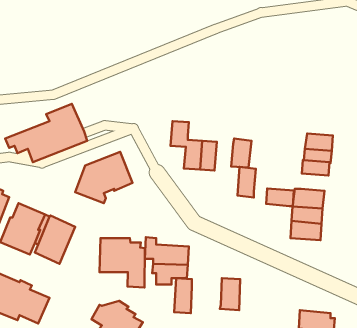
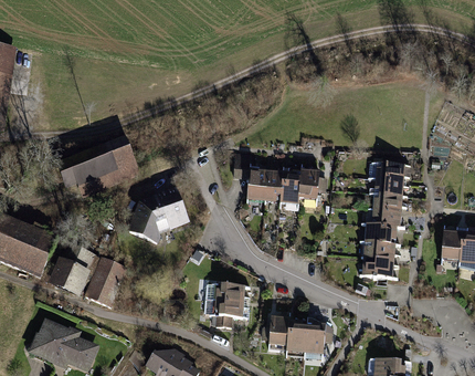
building: [237,167,256,198] -> [277,175,297,208]
building: [266,189,294,206] -> [370,209,400,228]
building: [100,238,145,288] -> none
building: [174,278,192,313] -> [266,313,285,351]
building: none -> [304,323,326,357]

